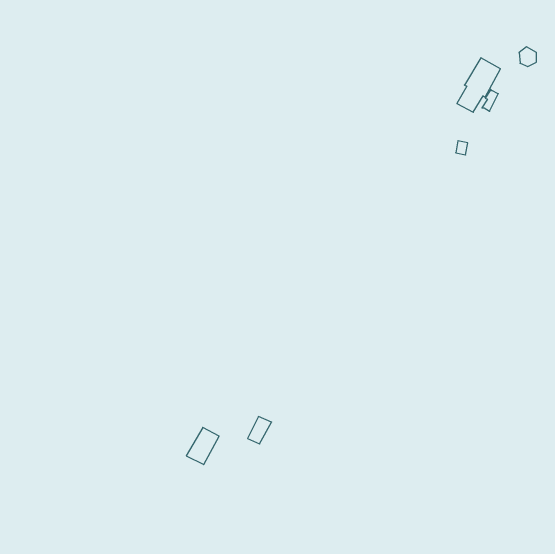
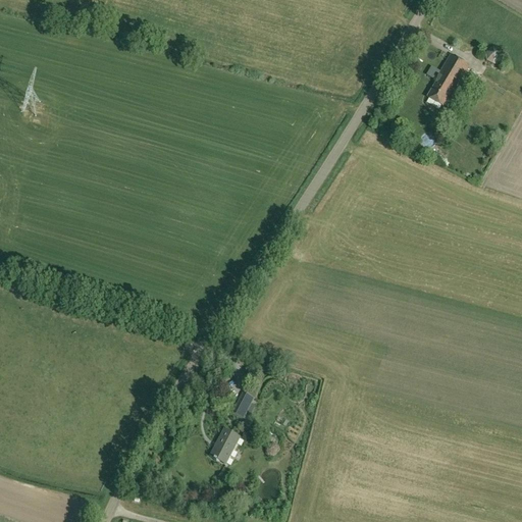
building: [186,427,219,465] -> [208,428,239,463]

